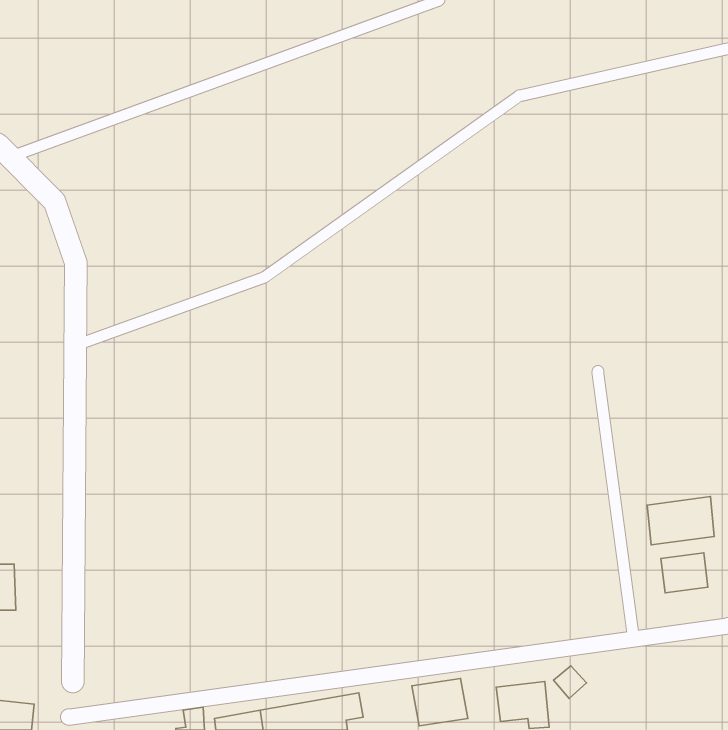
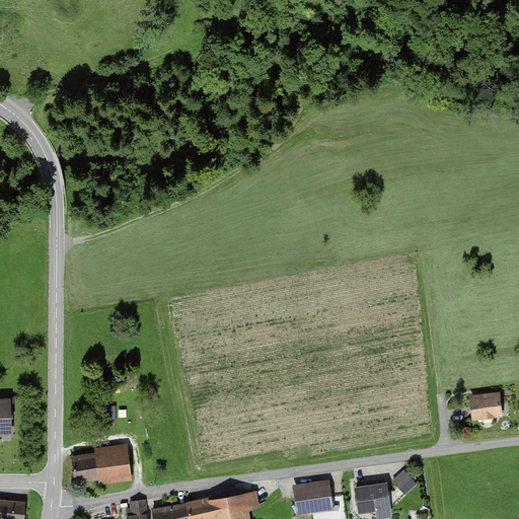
building: [647,497,714,545] -> none
building: none -> [70,451,133,486]

